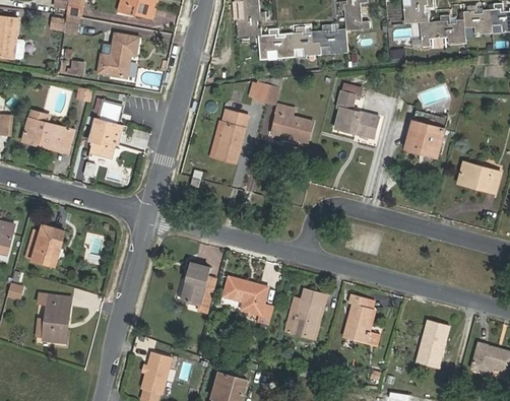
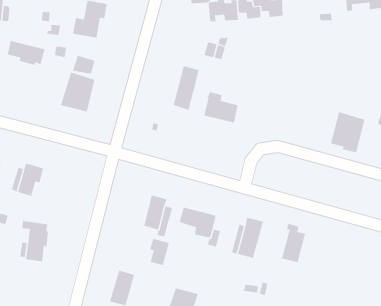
building: [334,84,379,136] -> none
building: [270,105,312,142] -> [203,91,239,123]
building: [404,110,446,158] -> [330,112,365,153]
building: [23,120,69,149] -> [7,41,45,66]
building: none -> [150,238,169,266]
building: [416,320,448,369] -> none

